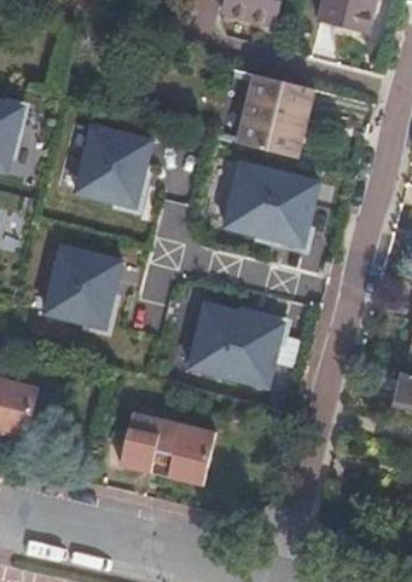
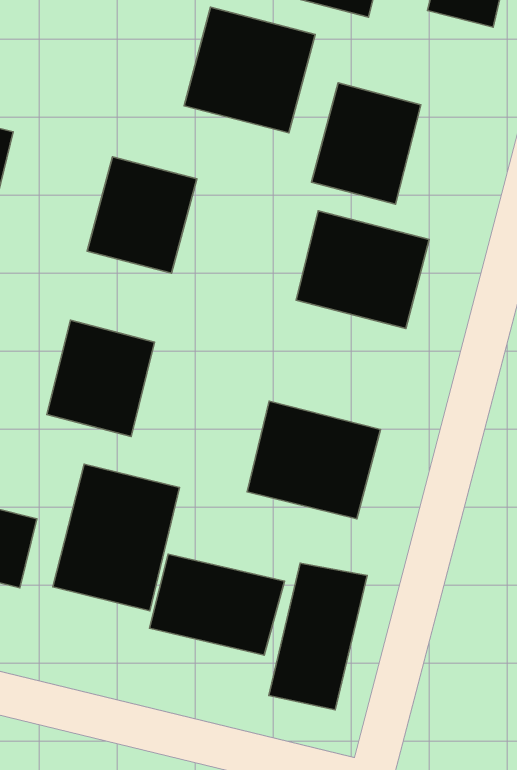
building: none -> [184,7,315,133]
building: none -> [53,464,179,611]
building: none -> [269,563,367,710]

